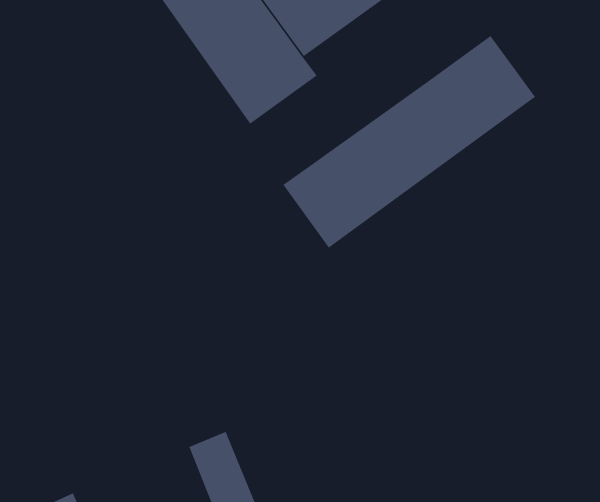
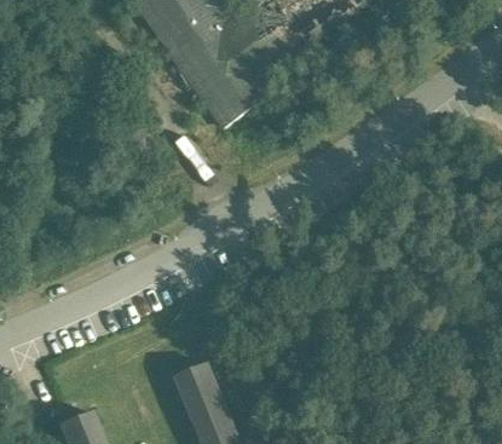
building: [283,35,536,249] -> none

